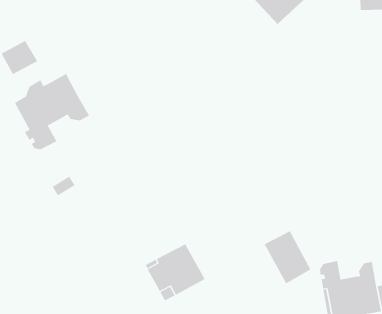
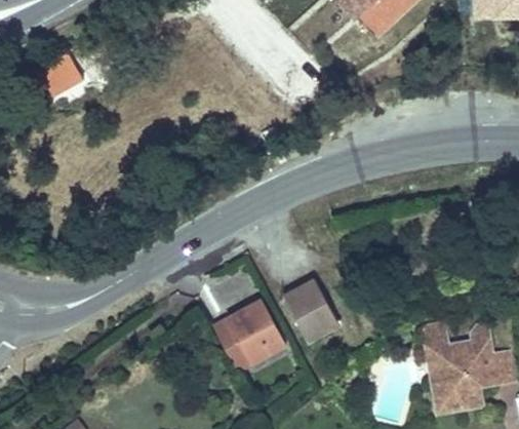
building: [14,73,90,150] -> none
building: [264,231,311,284] -> [282,278,340,343]

